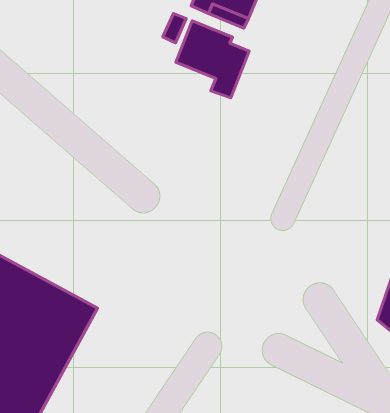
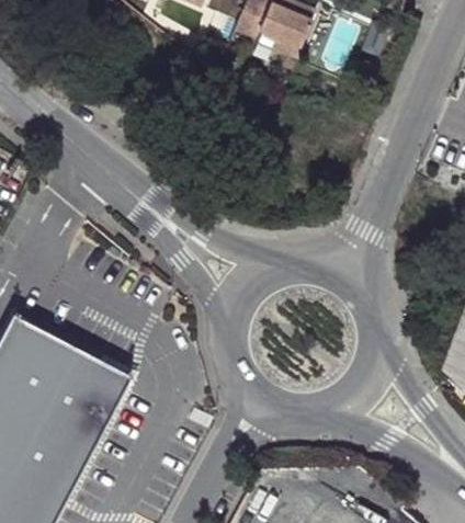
building: [176,21,249,98] -> none

